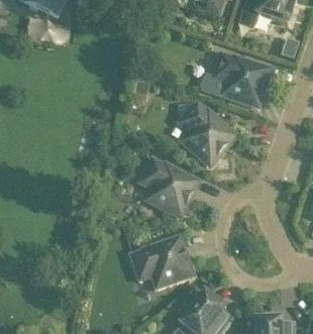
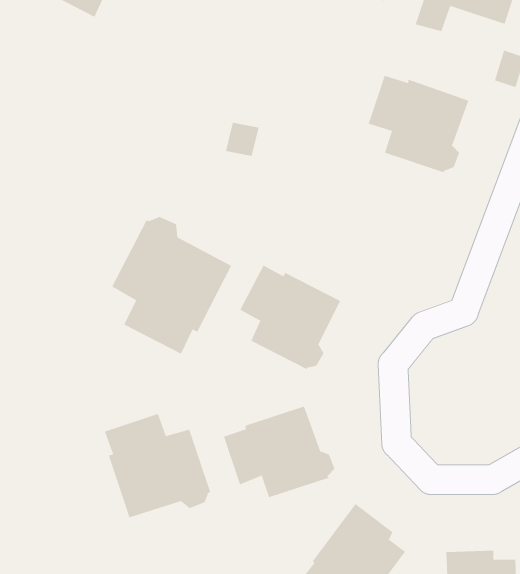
building: [178,102,234,164] -> none
building: none -> [111,216,232,354]
building: none -> [104,413,211,518]

